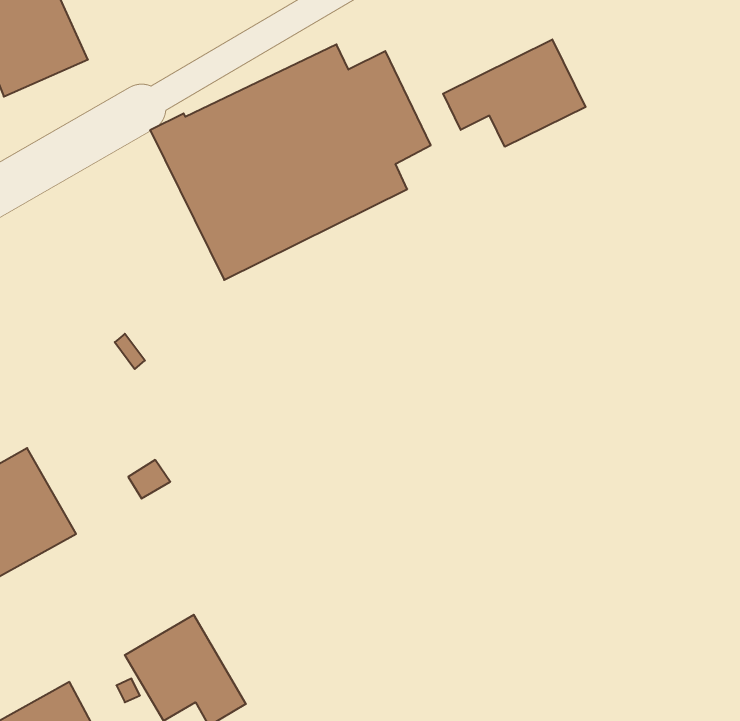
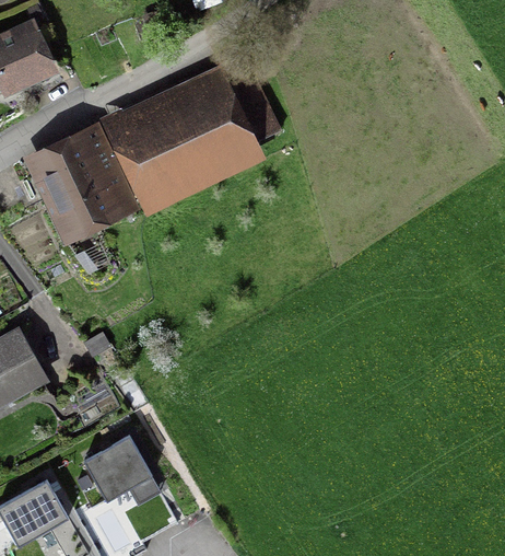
building: [443,39,586,147] -> none
building: none -> [23,121,139,245]

